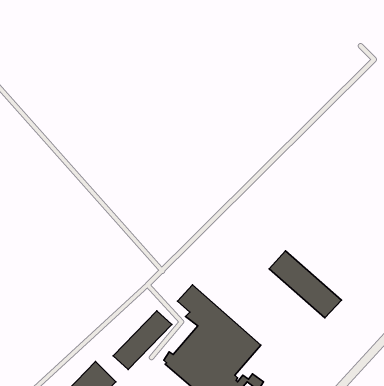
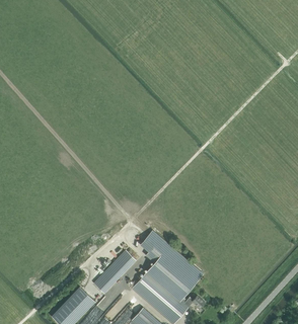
building: [269,251,341,318] -> none

